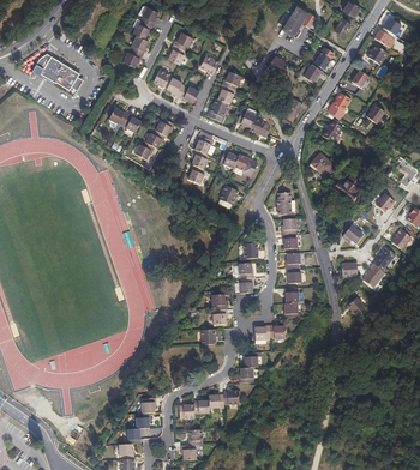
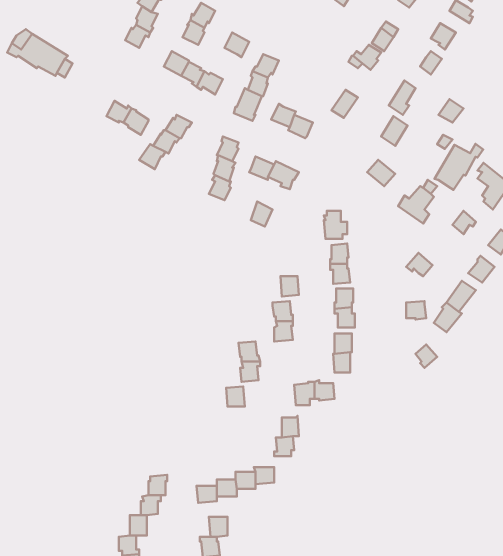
building: none -> [434,144,483,190]

